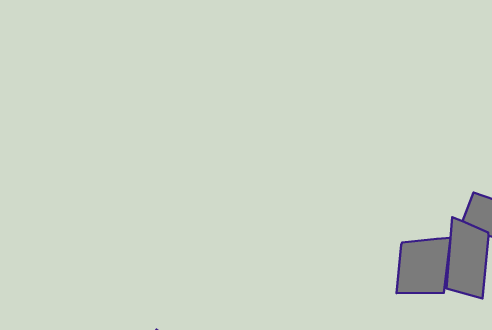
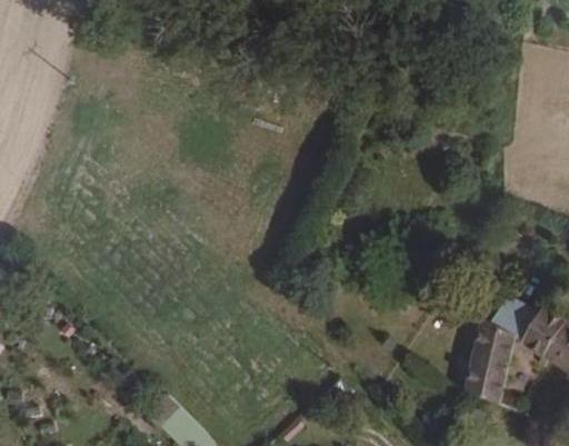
building: [396,238,451,293] -> none

